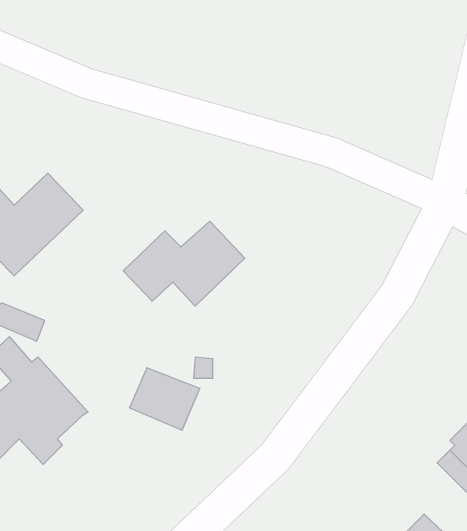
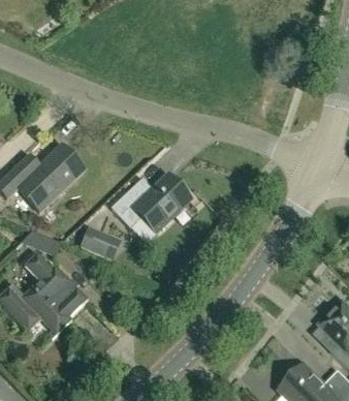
building: [129,368,200,430] -> [76,220,122,260]

